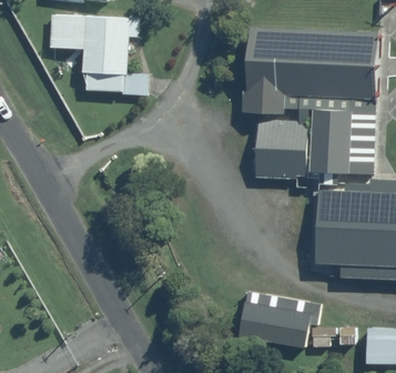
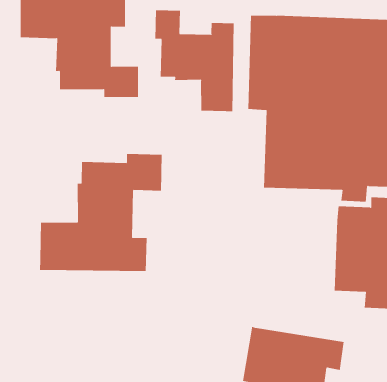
building: none -> [155,10,234,112]
building: none -> [39,153,162,272]

